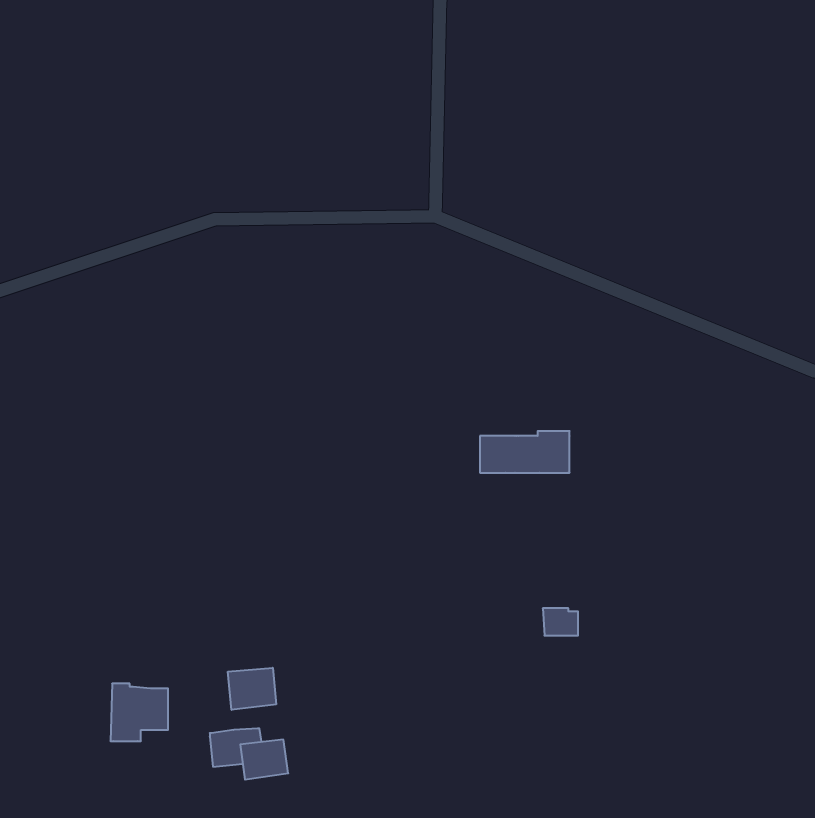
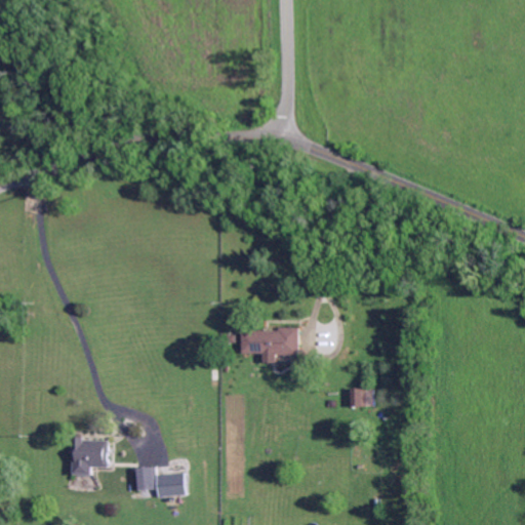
building: [480,431,570,473] -> [243,327,300,354]
building: [228,668,276,710] -> none

